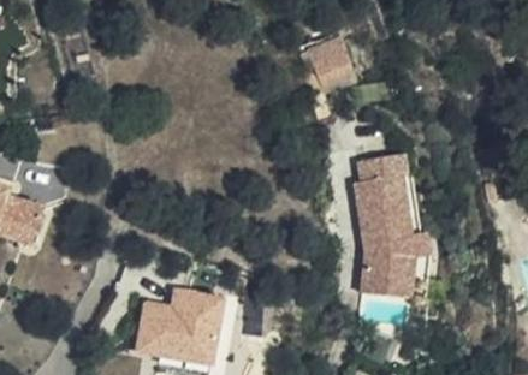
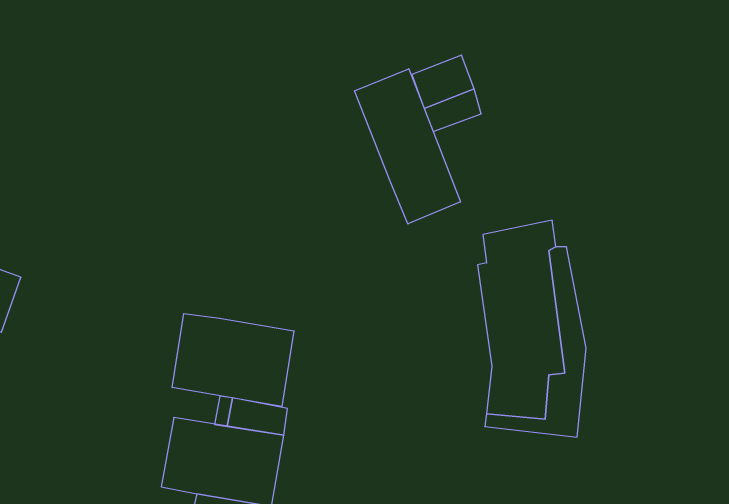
building: none -> [355,69,461,224]
building: none -> [172,314,294,407]

